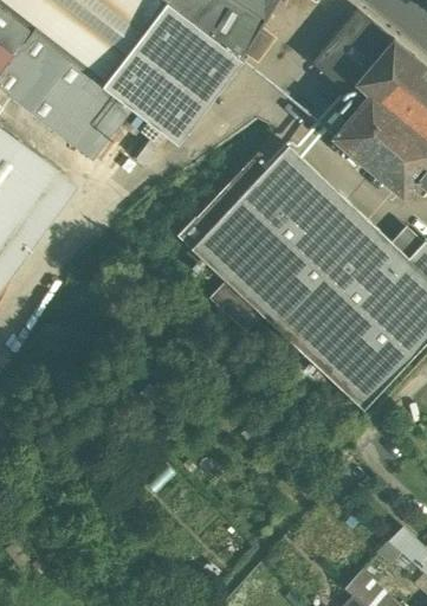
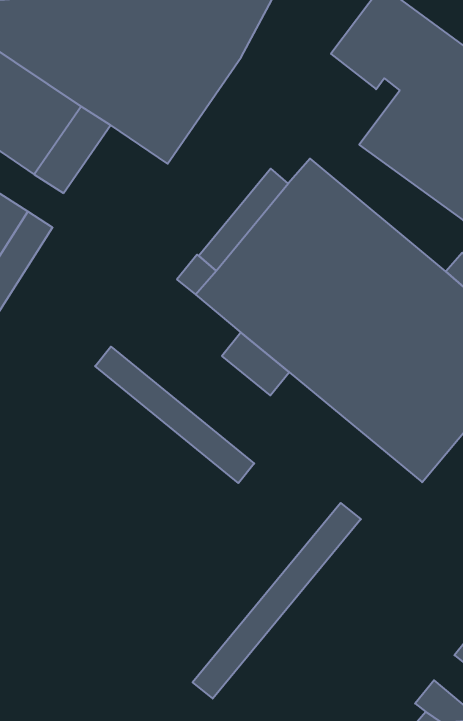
building: none -> [95,347,254,483]
building: none -> [193,503,361,699]

